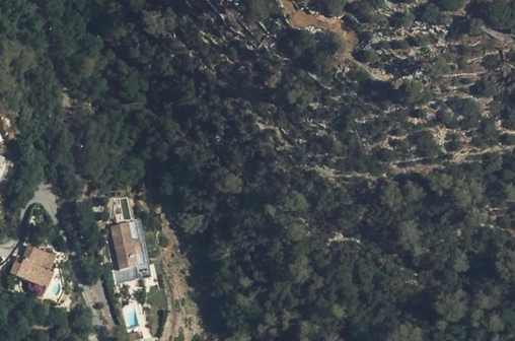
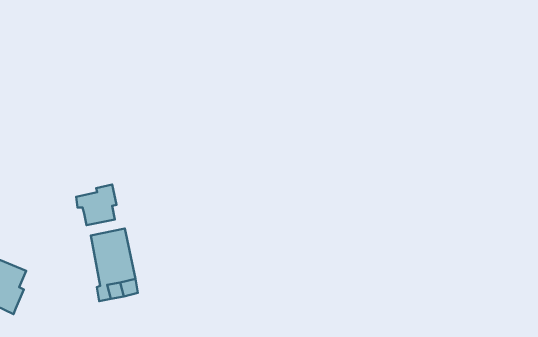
building: none -> [76,184,116,225]

